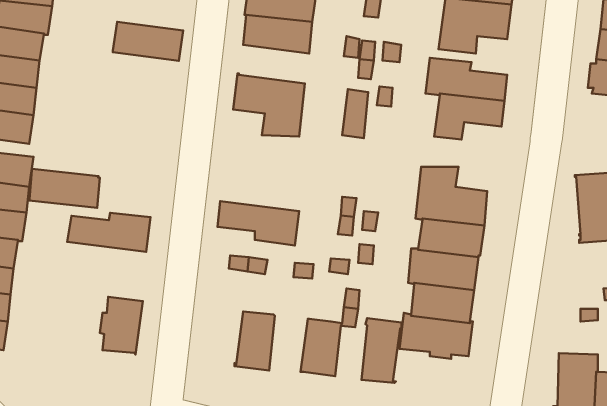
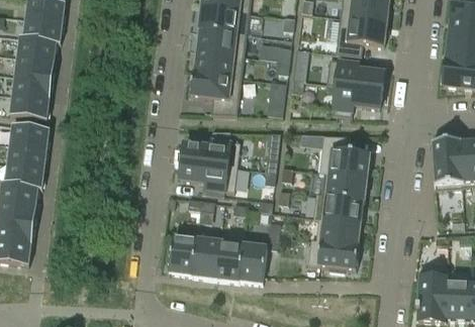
building: [113,22,183,61] -> [194,49,244,77]
building: [29,169,100,208] -> none
building: [67,213,150,252] -> [181,139,240,167]
building: [100,297,143,354] -> [167,234,197,275]
building: [361,318,402,383] -> [215,235,244,281]

